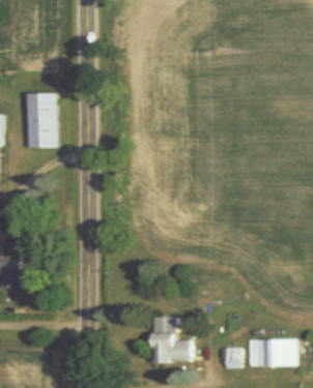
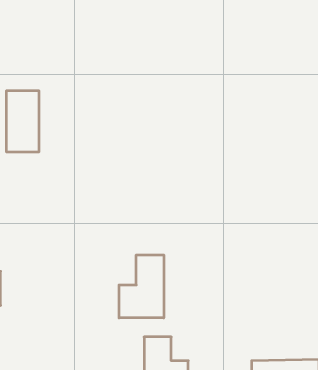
building: none -> [119,255,164,318]

